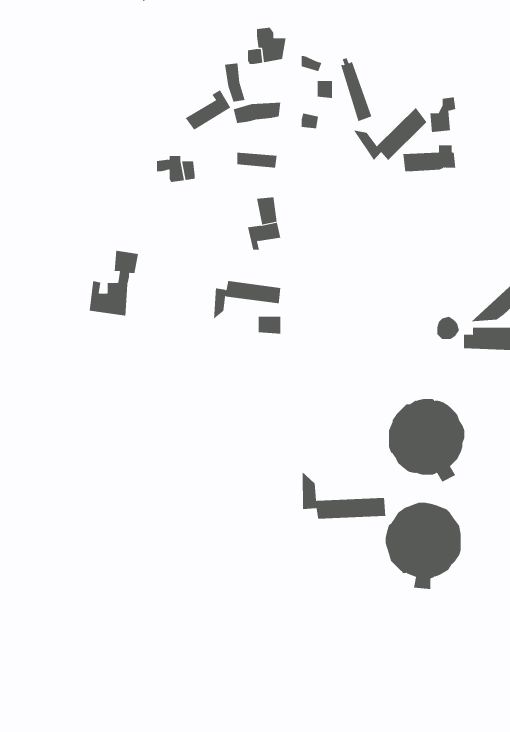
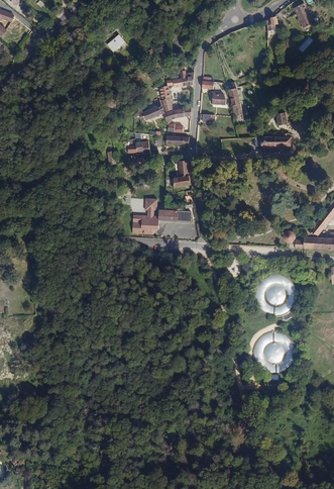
building: [353,107,427,161] -> none
building: [89,250,139,316] -> [132,194,160,231]
building: [302,471,386,520] -> none

